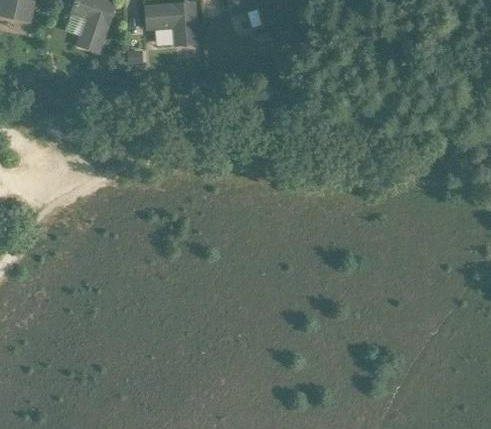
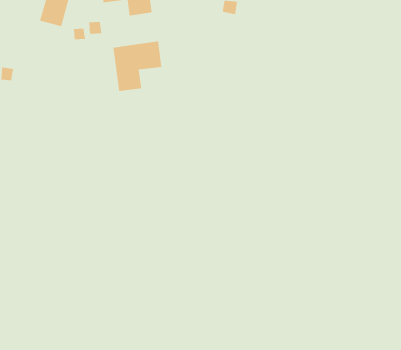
building: none -> [113,40,162,92]

